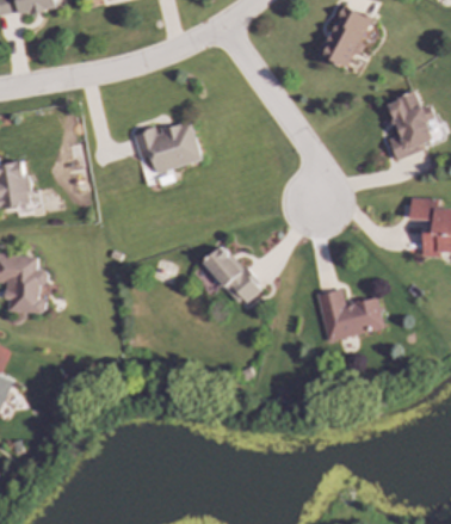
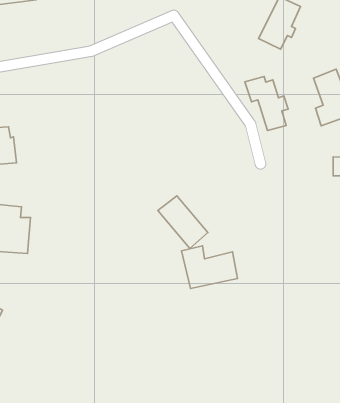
building: none -> [245,76,288,130]
building: [134,122,202,174] -> none
building: [317,290,384,341] -> [182,246,237,289]

